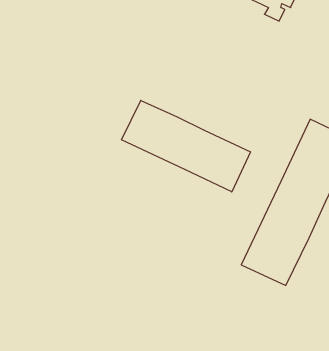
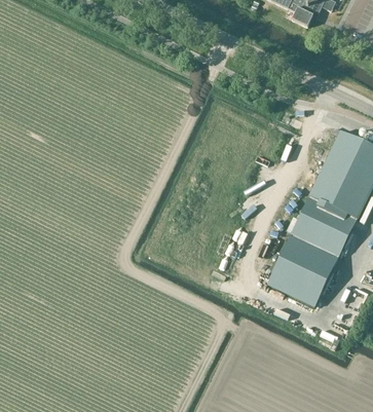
building: [122,100,250,192] -> none

